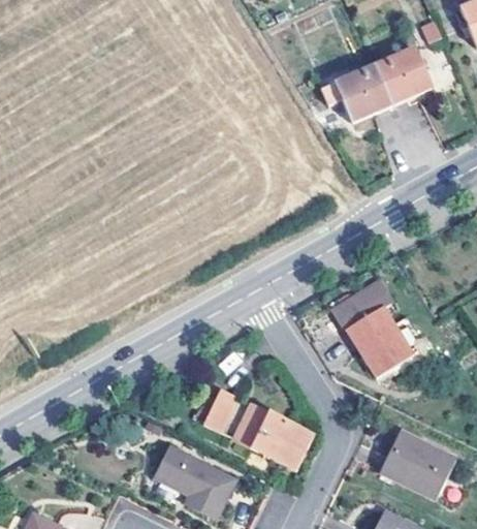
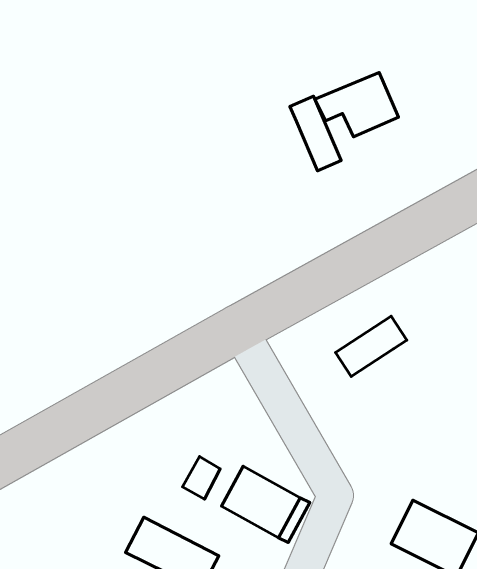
building: [371,50,427,105] -> none
building: none -> [290,96,341,171]
building: [347,303,425,375] -> none

